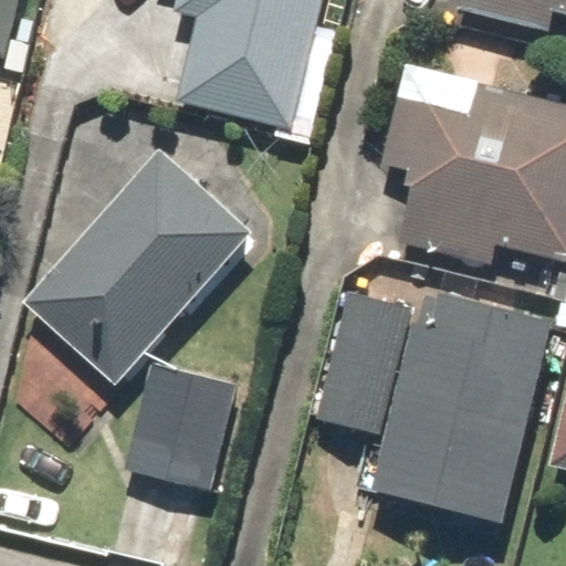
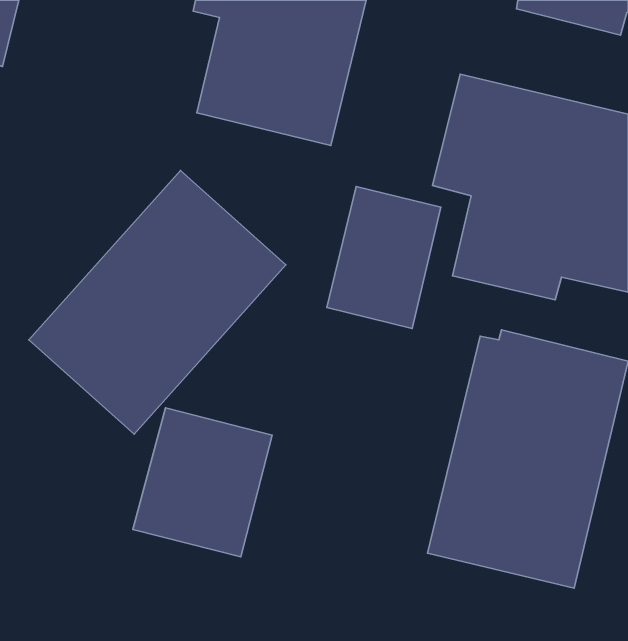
building: none -> [327,187,441,329]
building: [316,293,409,431] -> none

